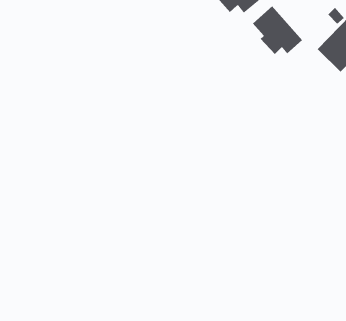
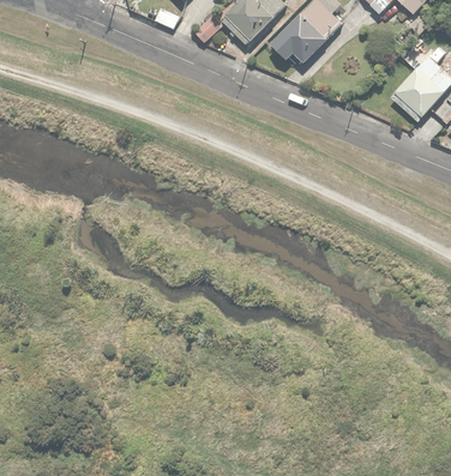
building: [252,6,303,55] -> none

